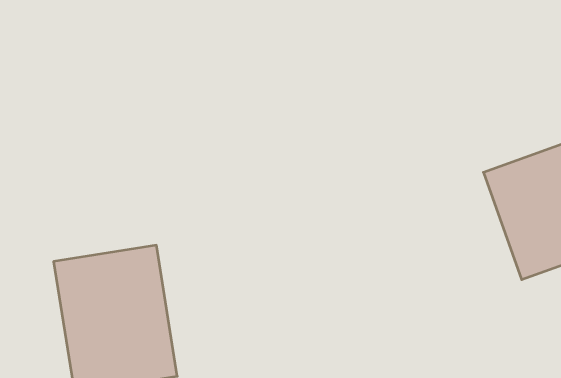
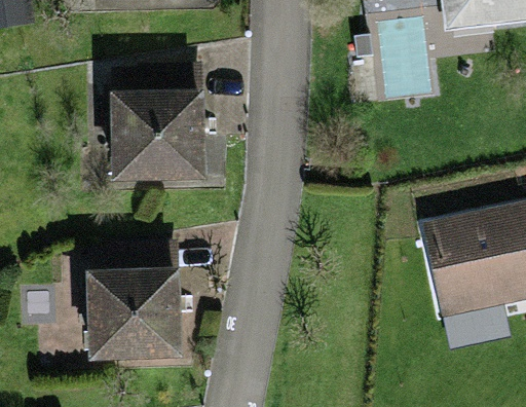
building: none -> [112,83,198,177]

